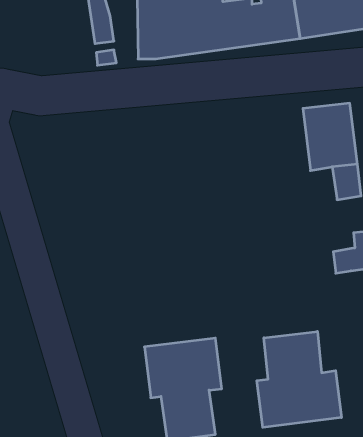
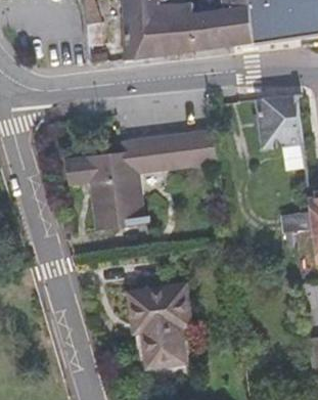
building: none -> [69,130,219,228]
building: [257,331,341,427] -> none

